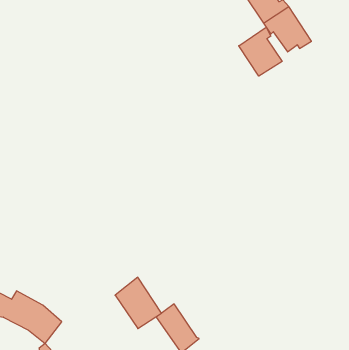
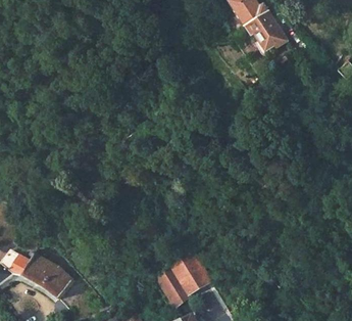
building: [239,27,282,76] -> none
building: [115,277,162,329] -> [166,249,206,293]

